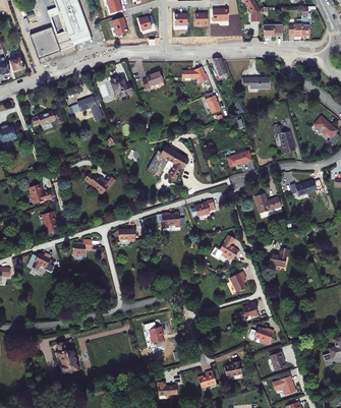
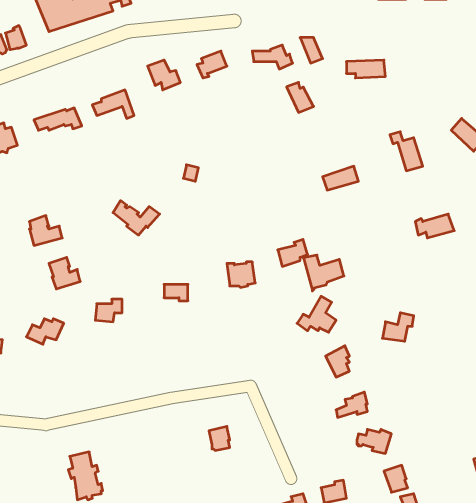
building: [146,145,187,180] -> none
building: [253,195,281,220] -> [303,255,344,291]

